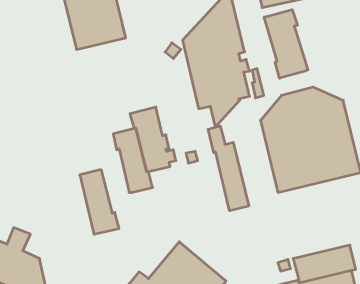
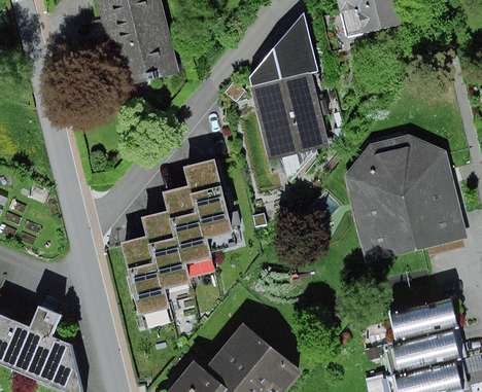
building: [264,10,308,78] -> none
building: [208,126,249,211] -> none
building: none -> [141,210,190,289]
building: none -> [382,297,459,344]

